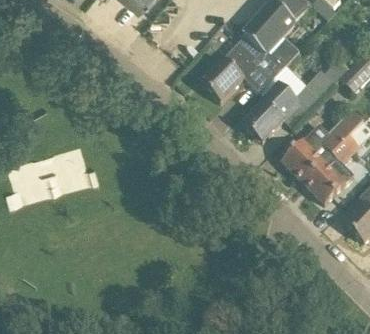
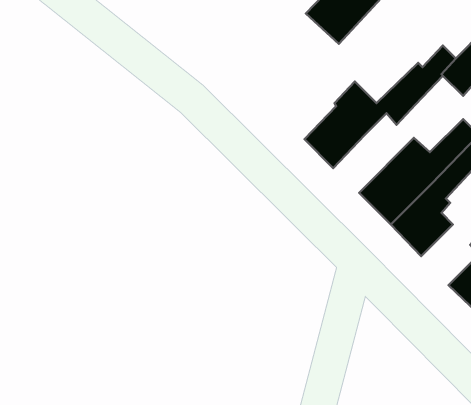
building: [200,36,282,102] -> none

